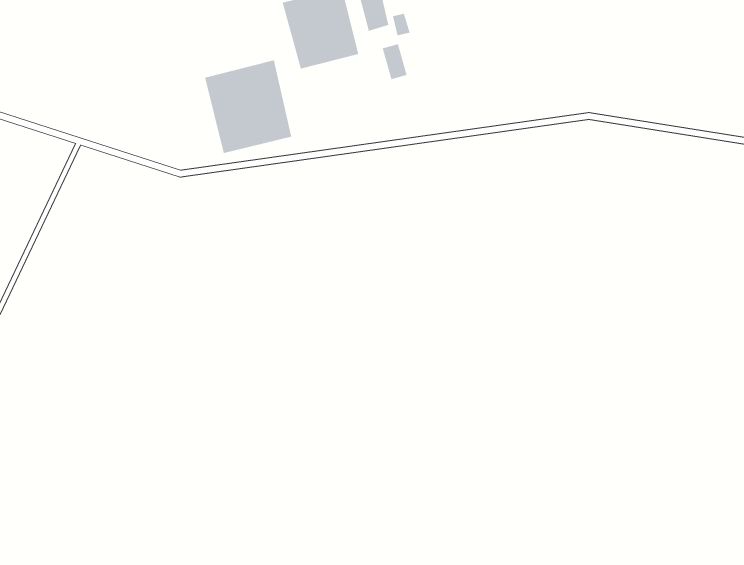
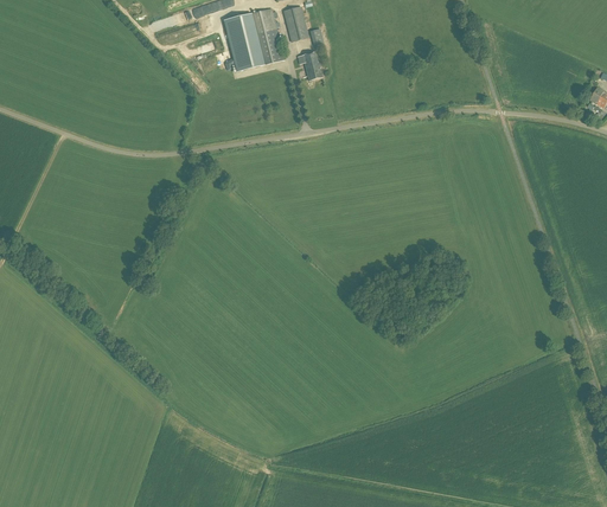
building: [204,60,292,154] -> none

